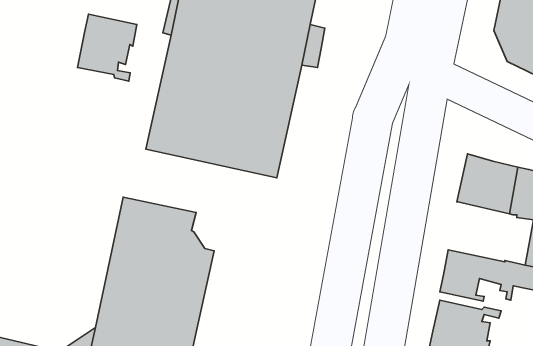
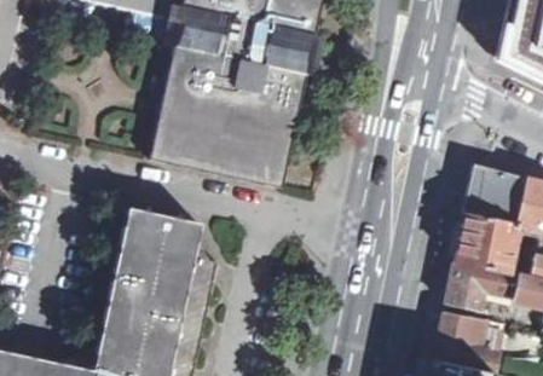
building: [78,14,137,81] -> none
building: none -> [454,210,519,271]

